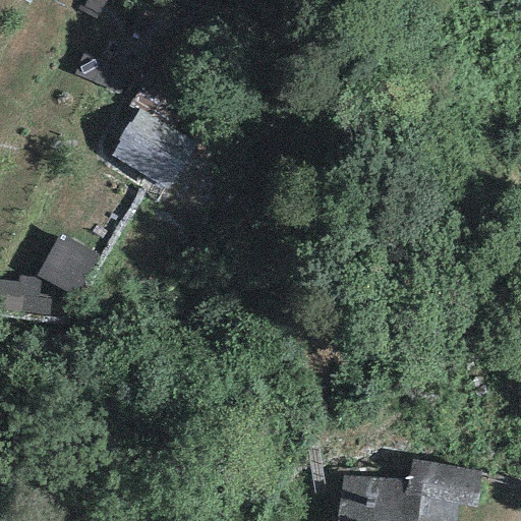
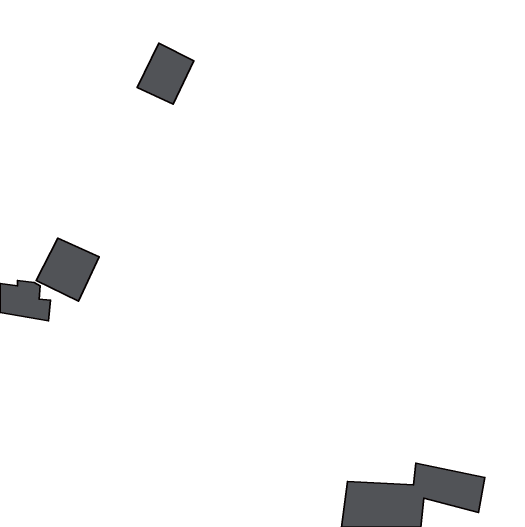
building: [112,111,196,191] -> none

